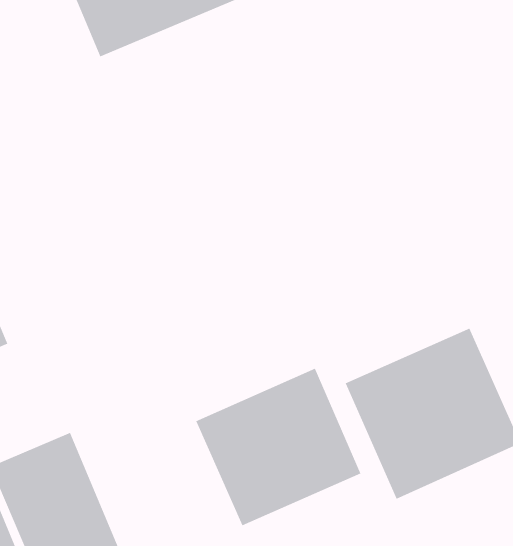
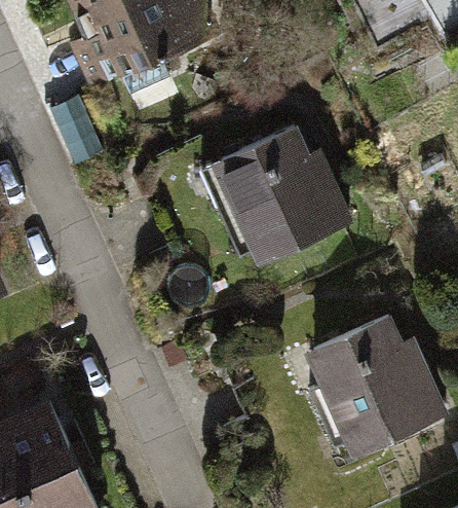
building: none -> [190,118,354,276]
building: [195,368,361,526] -> none

